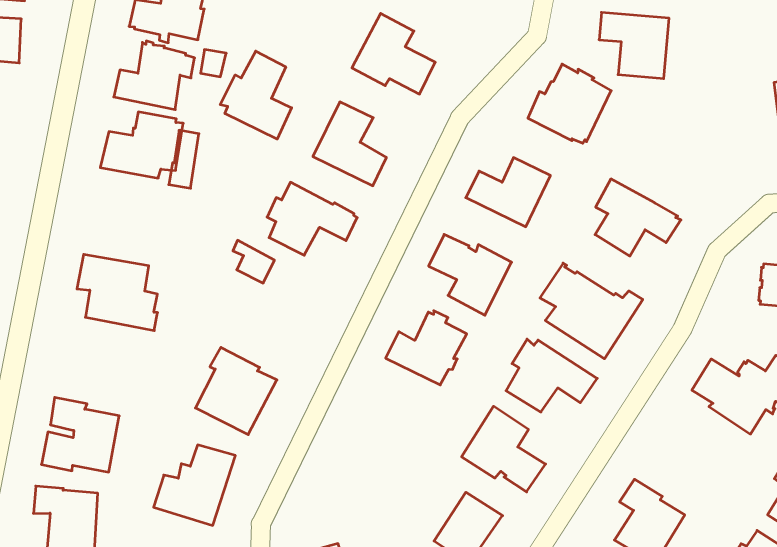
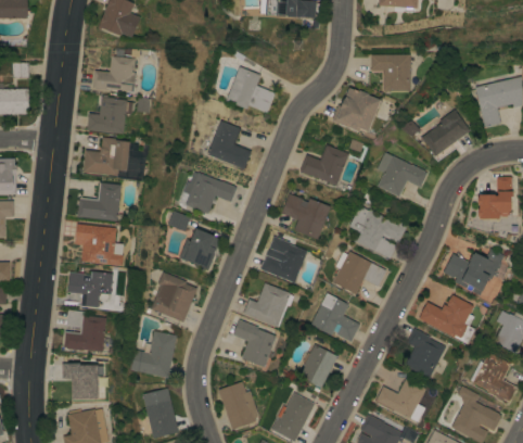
building: [220,51,292,139] -> none
building: none -> [421,109,468,155]
building: none -> [77,182,122,220]
building: none -> [179,228,219,268]
building: none -> [67,270,113,307]
building: none -> [243,282,294,327]
building: none -> [418,293,473,338]
building: none -> [232,319,276,367]

